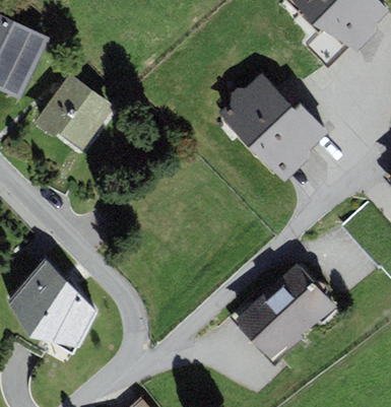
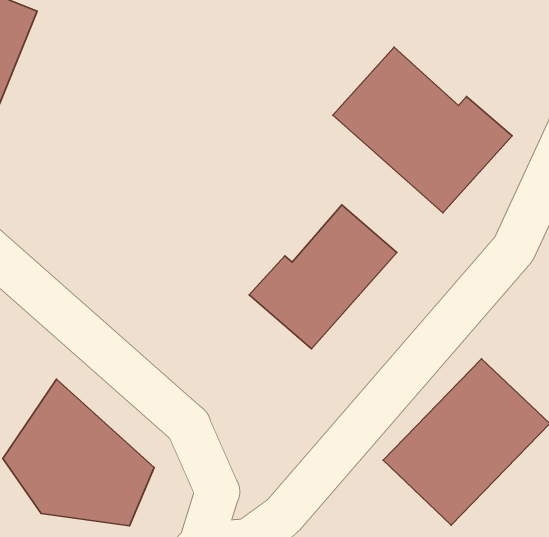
building: [34,73,115,150] -> none
building: none -> [249,205,397,349]

